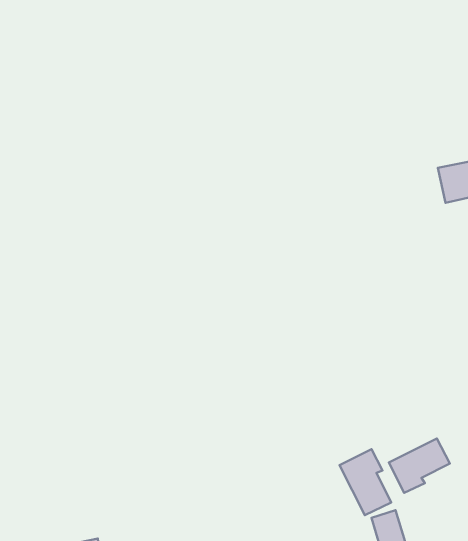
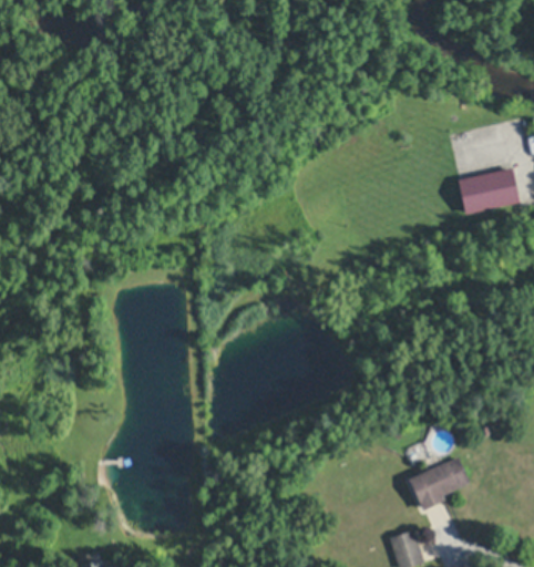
building: [340,449,391,515] -> none

